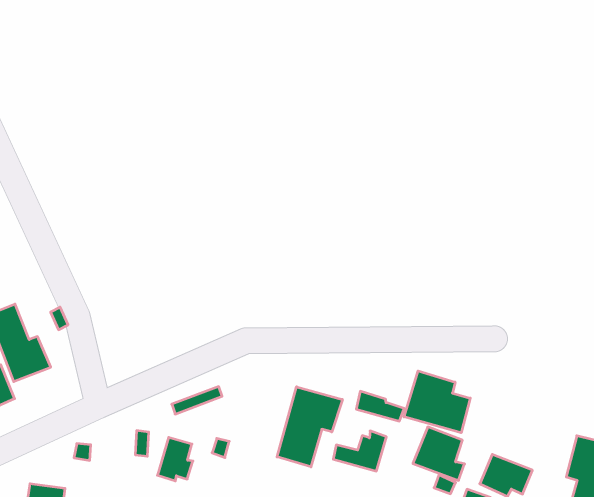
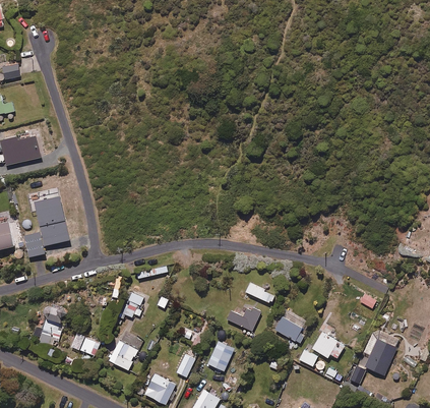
building: [404,371,470,433] -> none
building: [277,387,342,467] -> none

